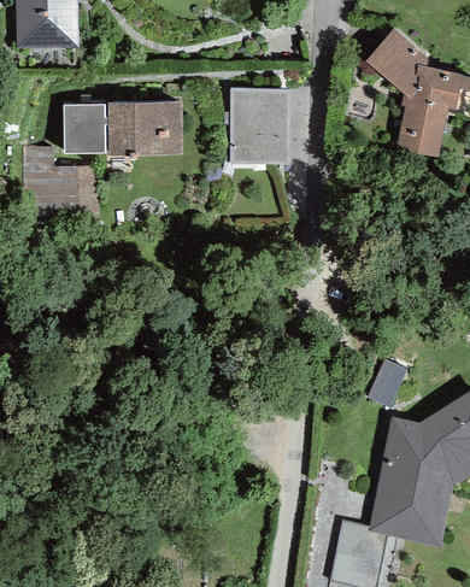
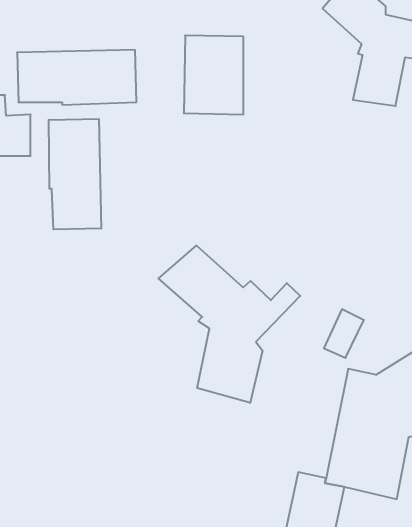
building: none -> [49,119,101,229]
building: none -> [158,245,300,403]

